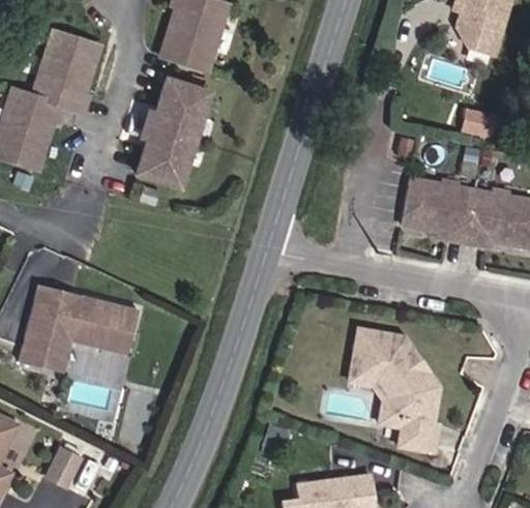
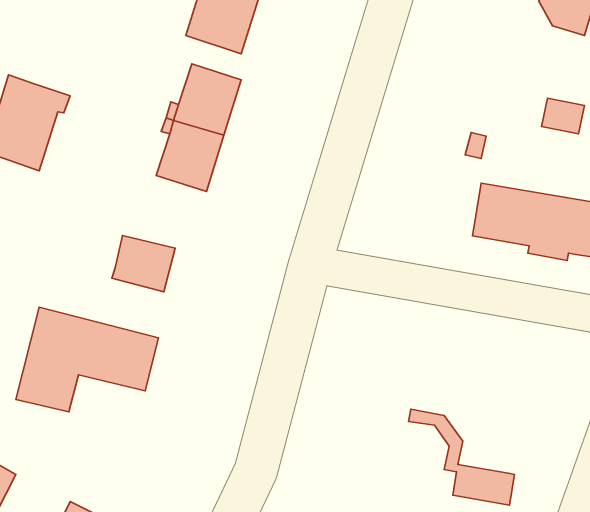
building: [32,31,98,112] -> none
building: none -> [112,235,175,292]
building: [350,328,438,423] -> none

